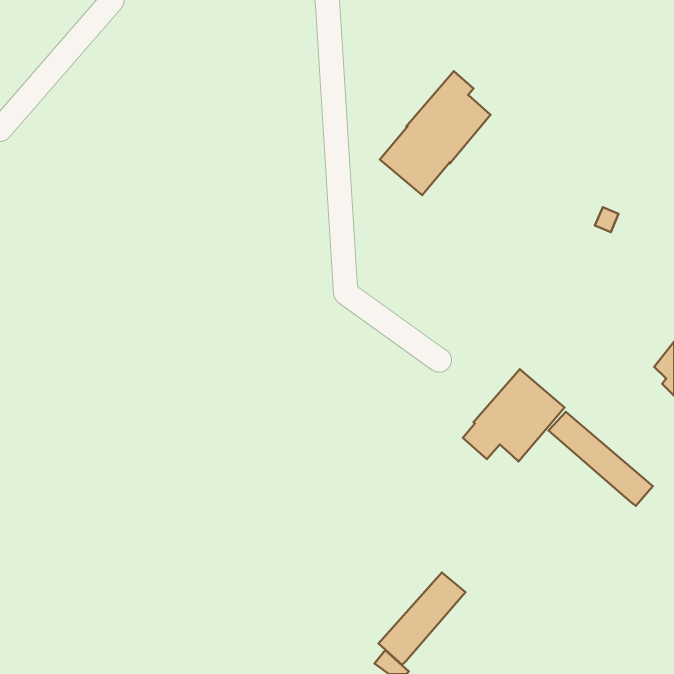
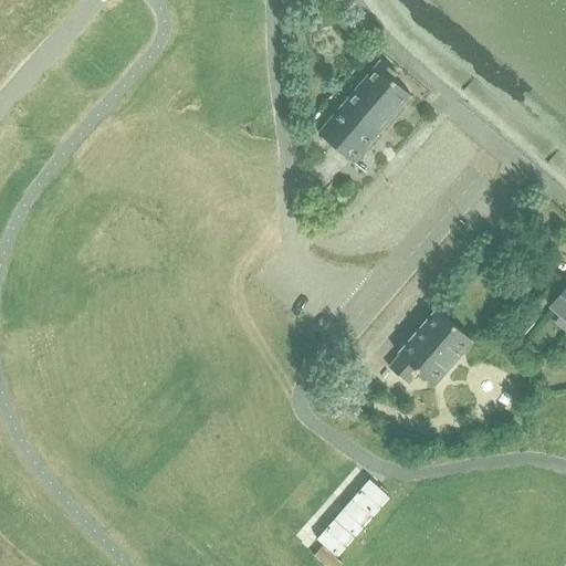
building: [548,412,653,506] -> none

